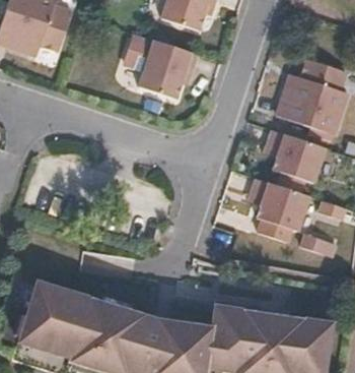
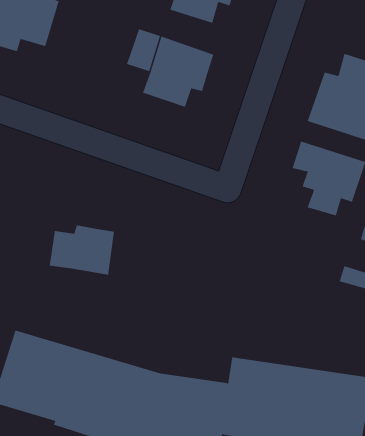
building: [247,175,309,238] -> none
building: none -> [49,224,115,276]

